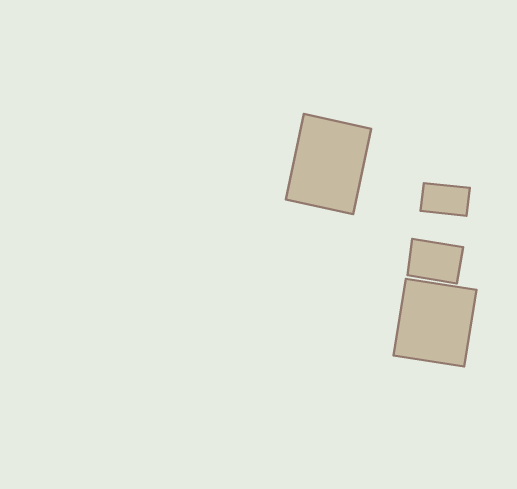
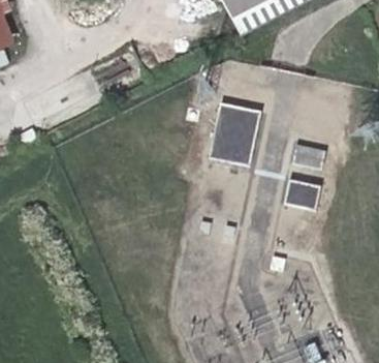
building: [393,279,476,366] -> none

